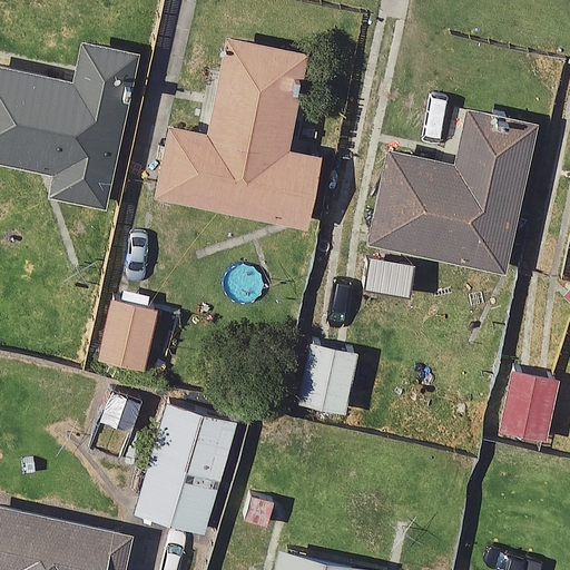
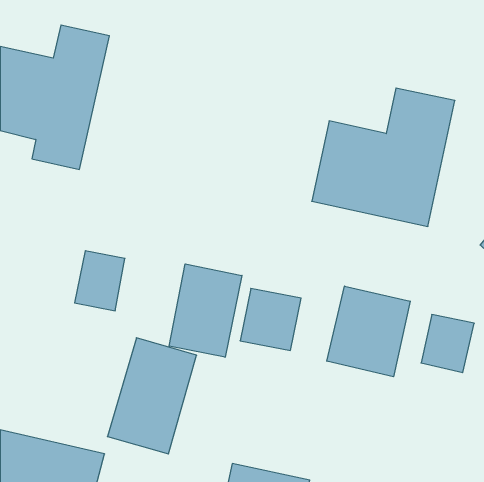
building: [154,38,318,227] -> none
building: none -> [169,264,242,357]
building: none -> [327,286,410,377]

